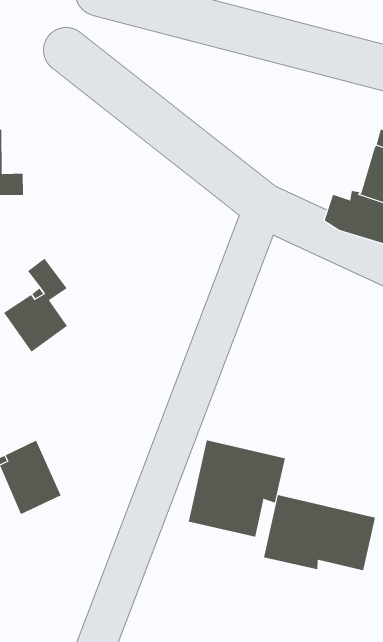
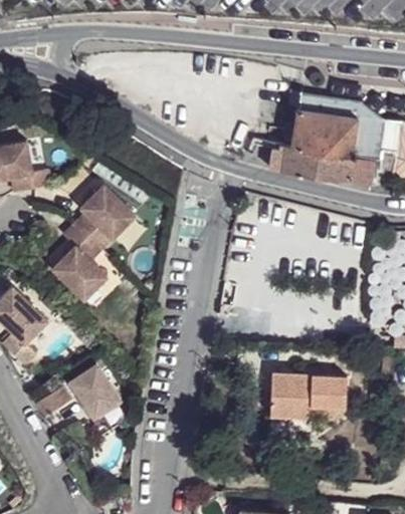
building: none -> [75,191,129,249]
building: [188,439,286,538] -> none

